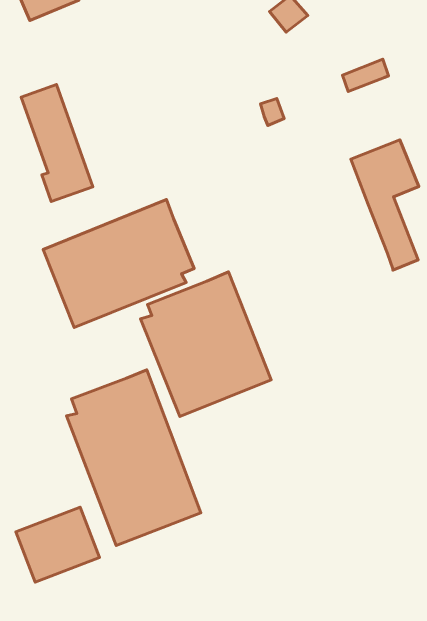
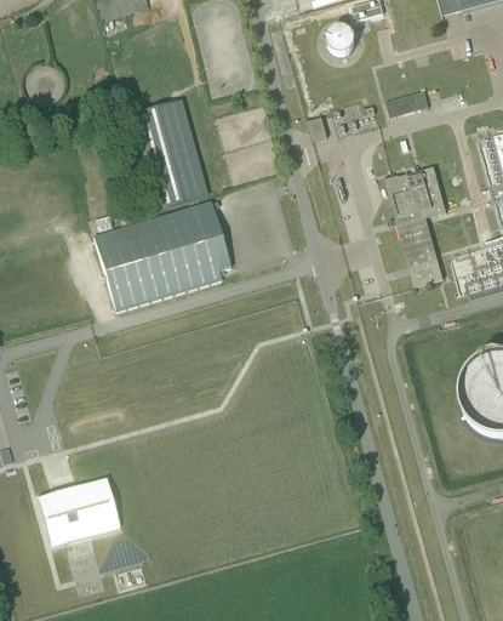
building: [21,84,93,201] -> [149,98,207,206]
building: [141,272,271,417] -> none
building: [66,370,201,545] -> none

